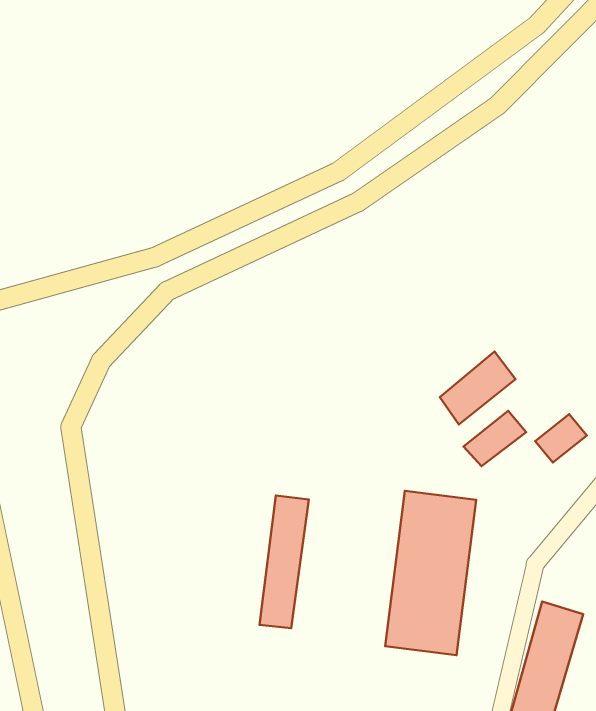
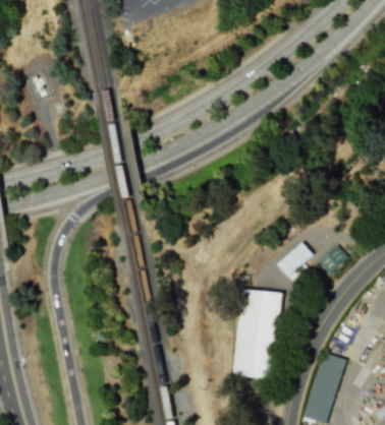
building: [440,351,516,424] -> none
building: [259,496,309,628] -> none

